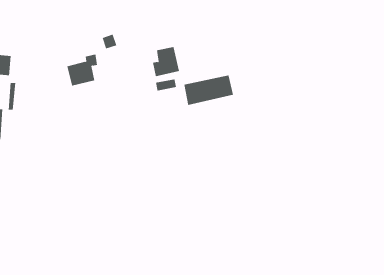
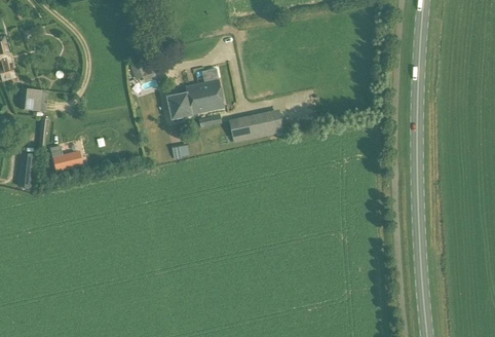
building: [67,54,98,86] -> [166,82,200,117]
building: none -> [50,148,79,172]

